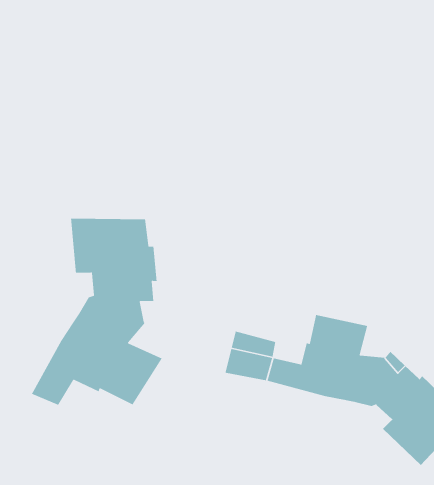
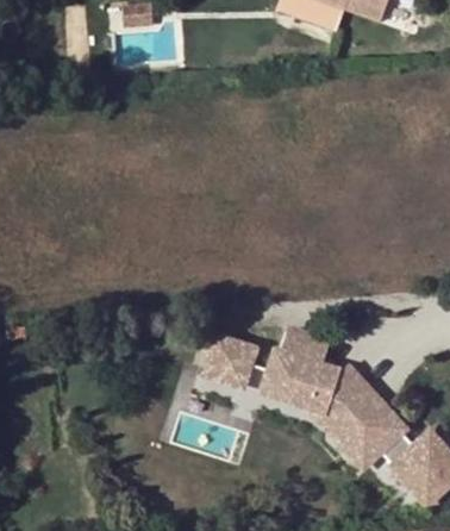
building: [31,218,163,406] -> none

